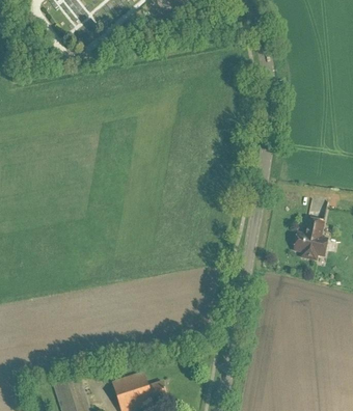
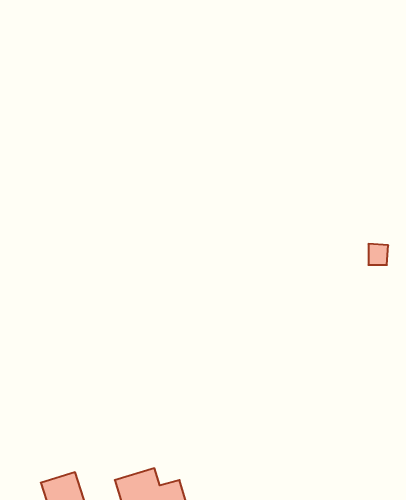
building: [292,219,327,259] -> none

